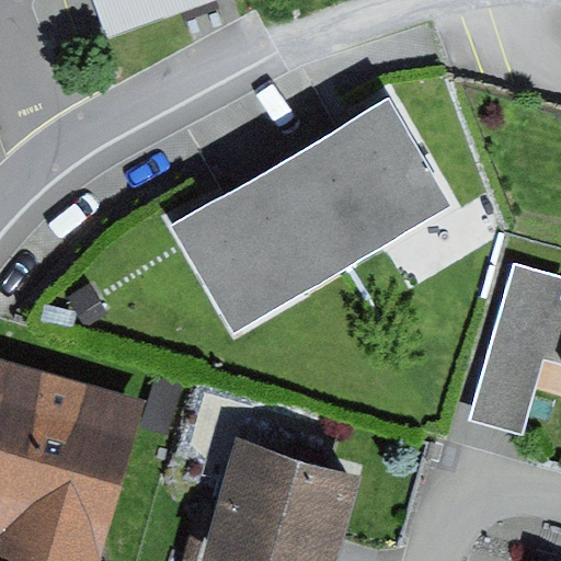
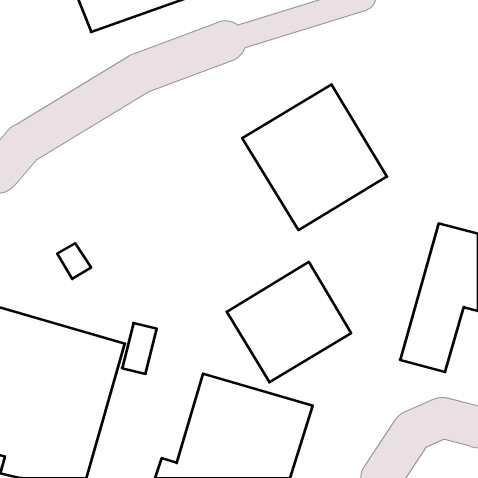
building: [169,161,348,336] -> none
building: none -> [227,262,351,382]

